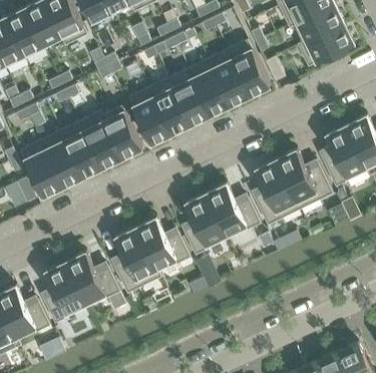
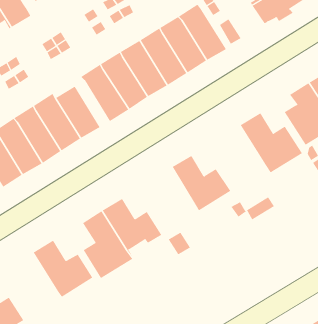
building: [253,159,299,225] -> none
building: [182,193,227,254] -> none
building: [42,261,87,323] -> none

